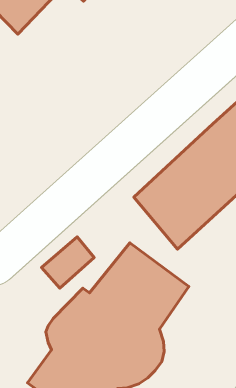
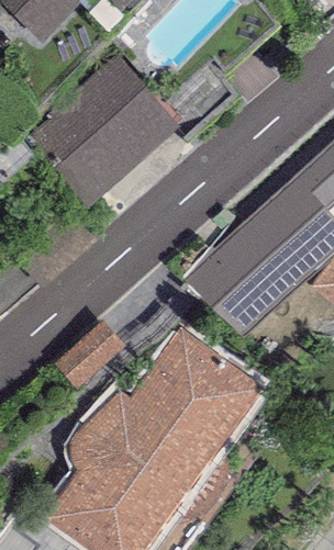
building: none -> [18,52,180,210]

